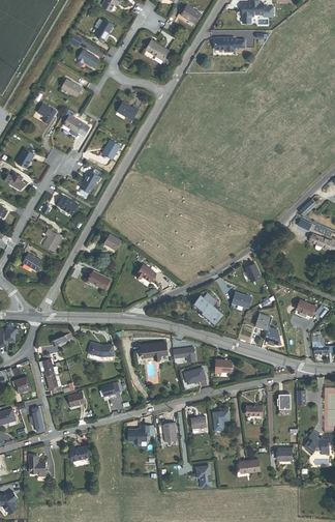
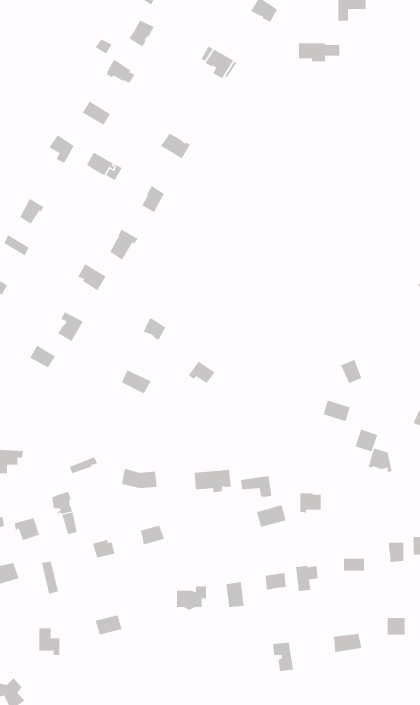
building: [192,292,222,323] -> none

